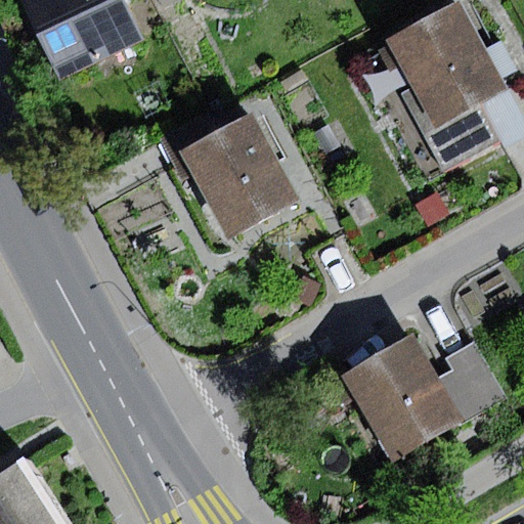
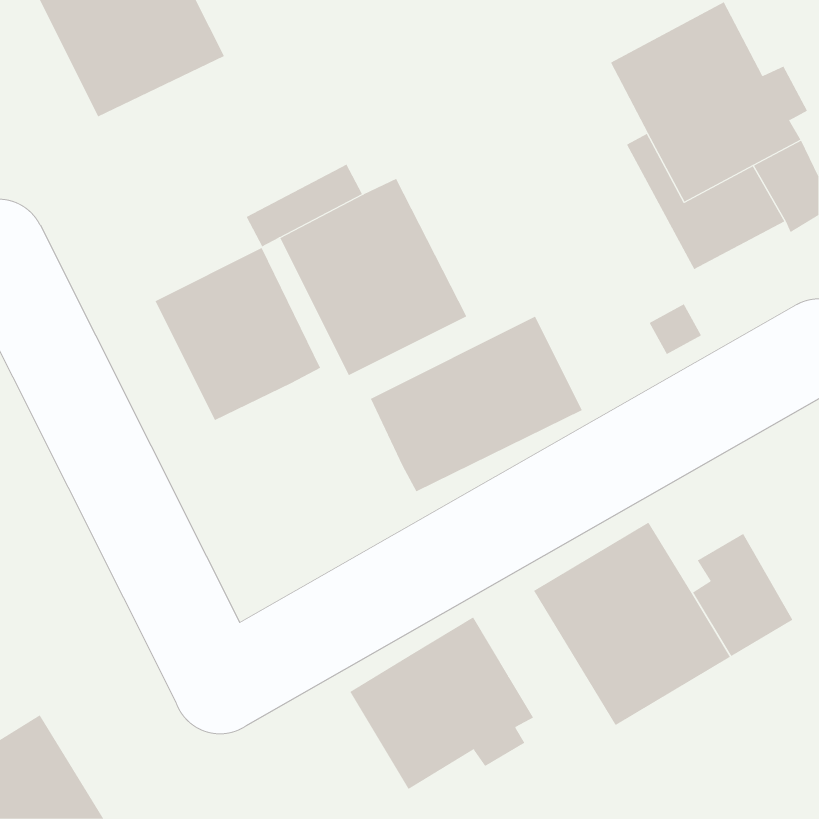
building: none -> [155,247,321,421]
building: none -> [370,316,582,492]
building: none -> [350,617,534,790]

